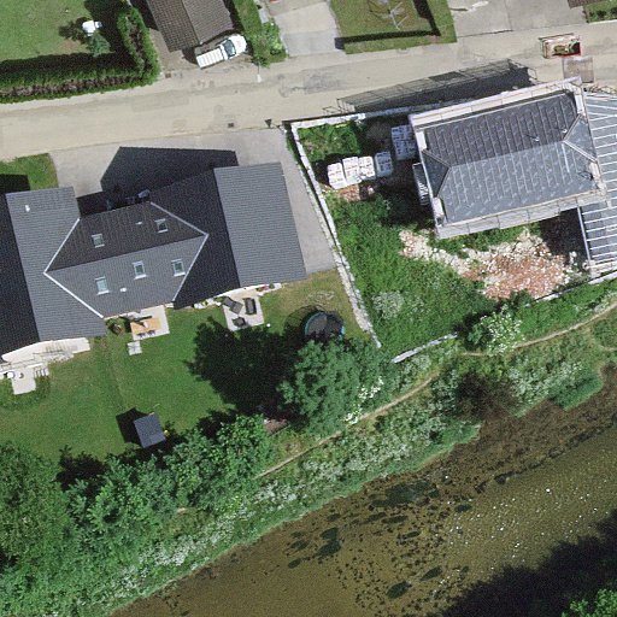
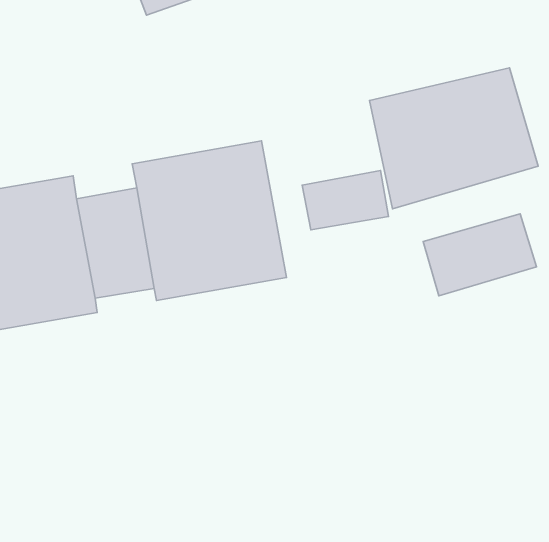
building: none -> [302,171,389,230]
building: none -> [423,214,536,296]

